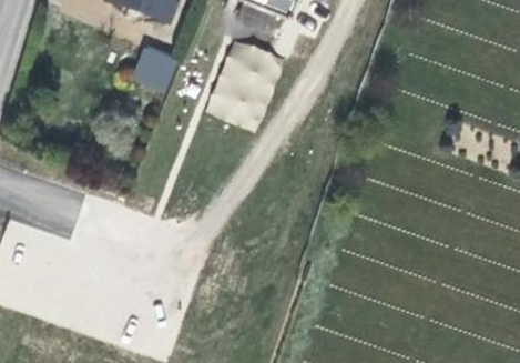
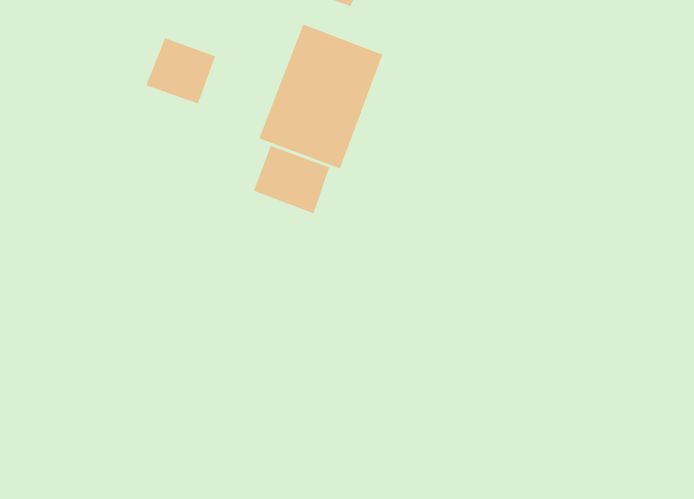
building: none -> [253,145,330,214]

